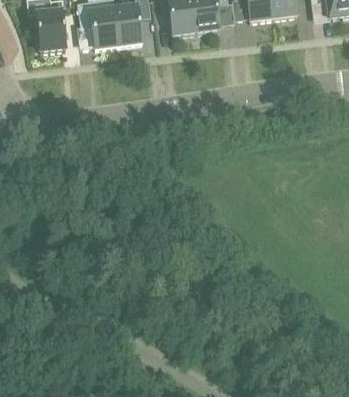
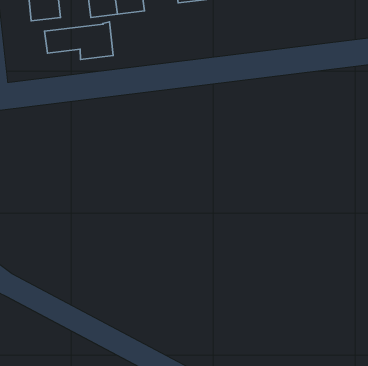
building: none -> [45,22,113,60]

